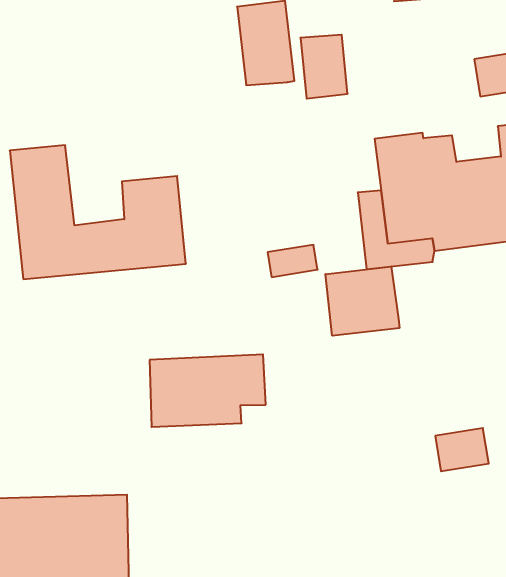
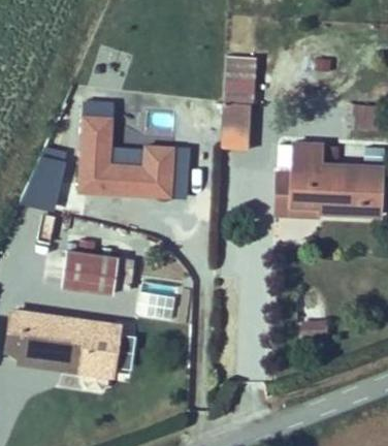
building: [300,35,348,99] -> [222,102,248,138]
building: [325,266,399,336] -> none
building: [150,354,266,427] -> [65,251,135,295]

